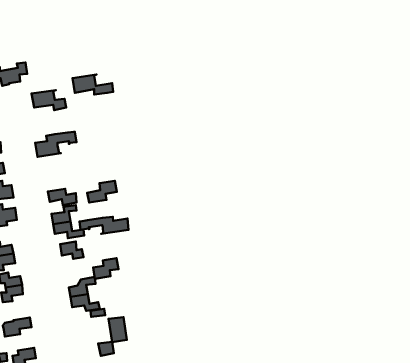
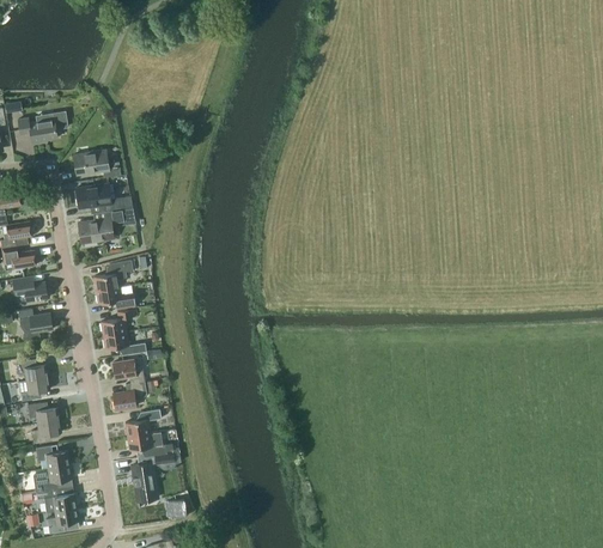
building: [72,75,113,94] -> [75,183,132,211]
building: [87,181,117,202] -> [93,260,134,290]
building: [79,217,128,234] -> none
building: [93,258,118,279] -> [112,380,147,409]
building: none -> [36,445,71,468]
building: [109,317,127,342] -> [132,462,157,497]
building: none -> [36,487,77,511]

